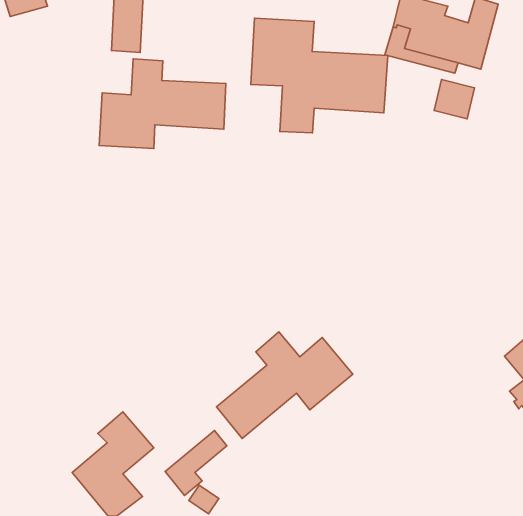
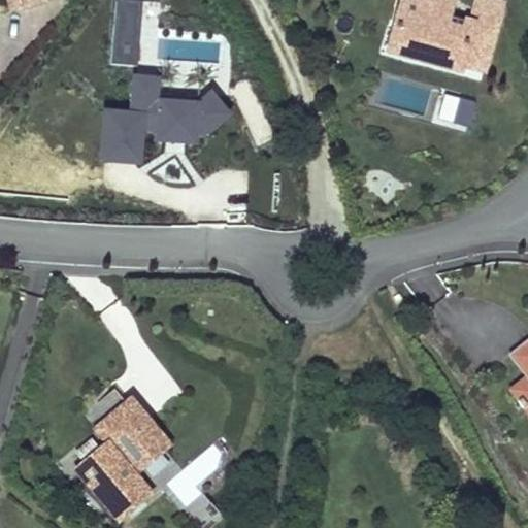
building: [251,18,388,133] -> none
building: [217,332,353,439] -> none

